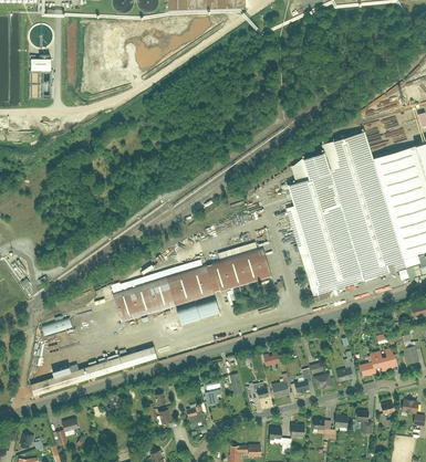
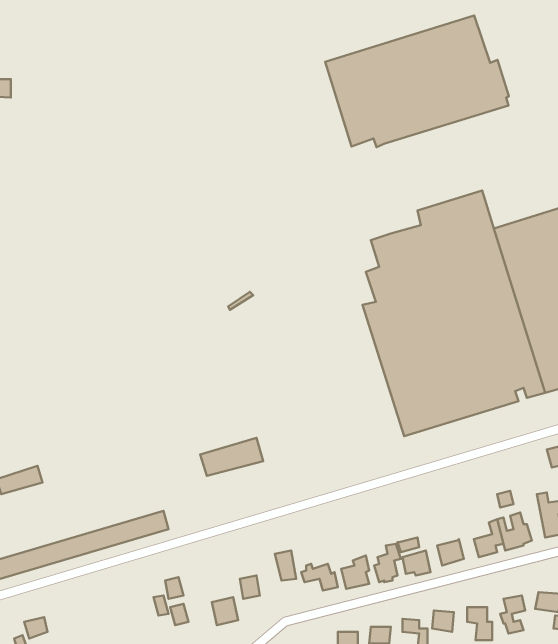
building: none -> [325,16,509,147]
building: [113,246,273,323] -> none

